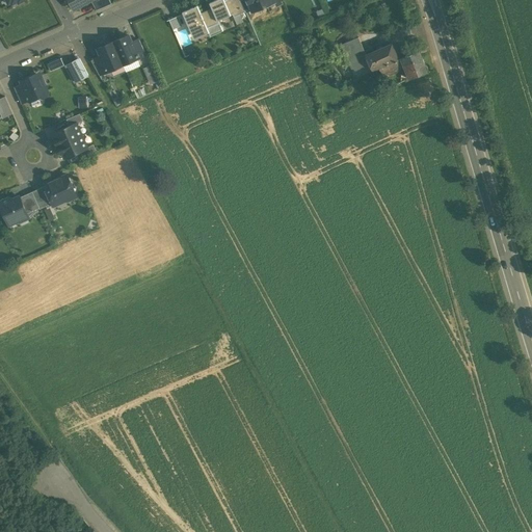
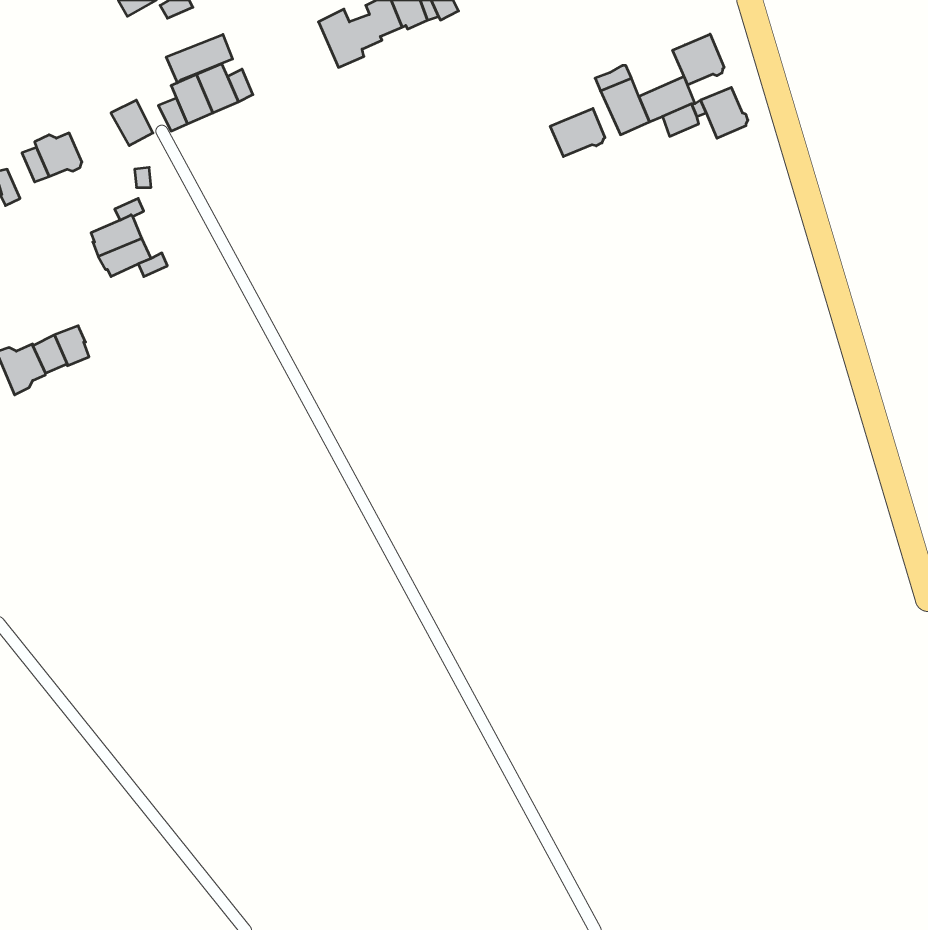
building: none -> [673,34,724,85]
building: none -> [166,34,233,83]
building: none -> [550,108,605,157]
building: [44,175,74,206] -> none

